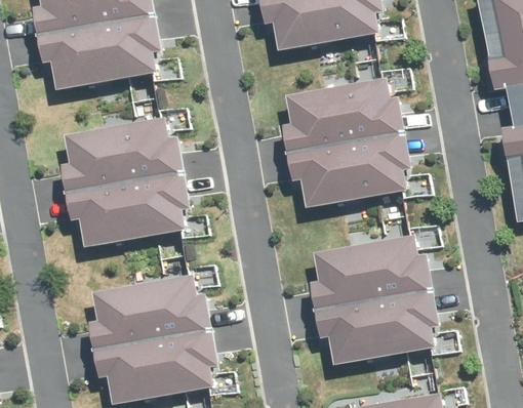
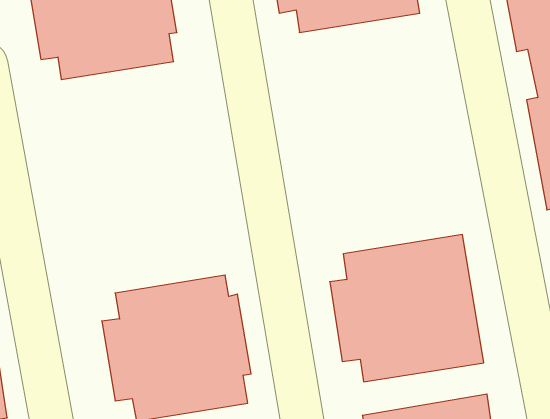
building: [273,73,412,208] -> none
building: [64,115,199,248] -> none

